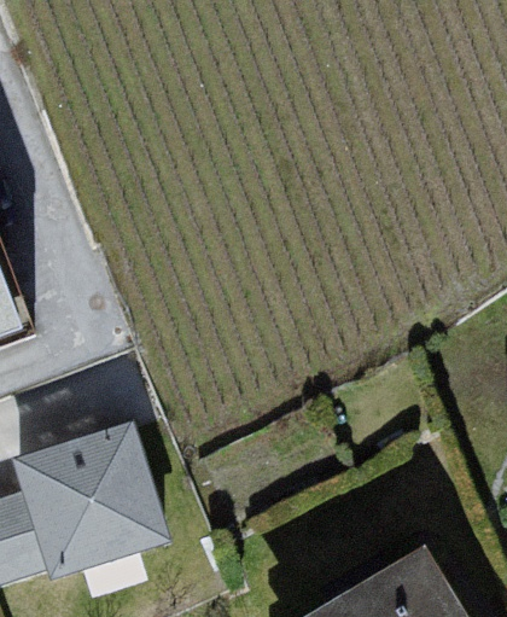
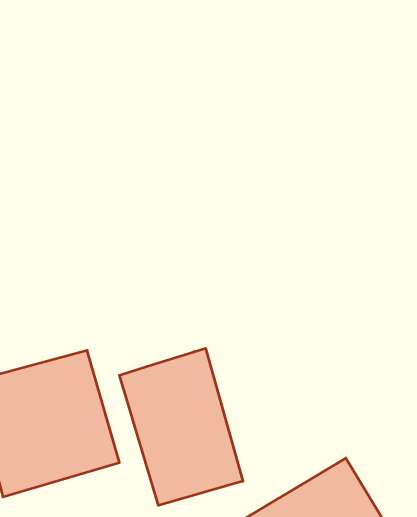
building: none -> [119,348,243,505]

